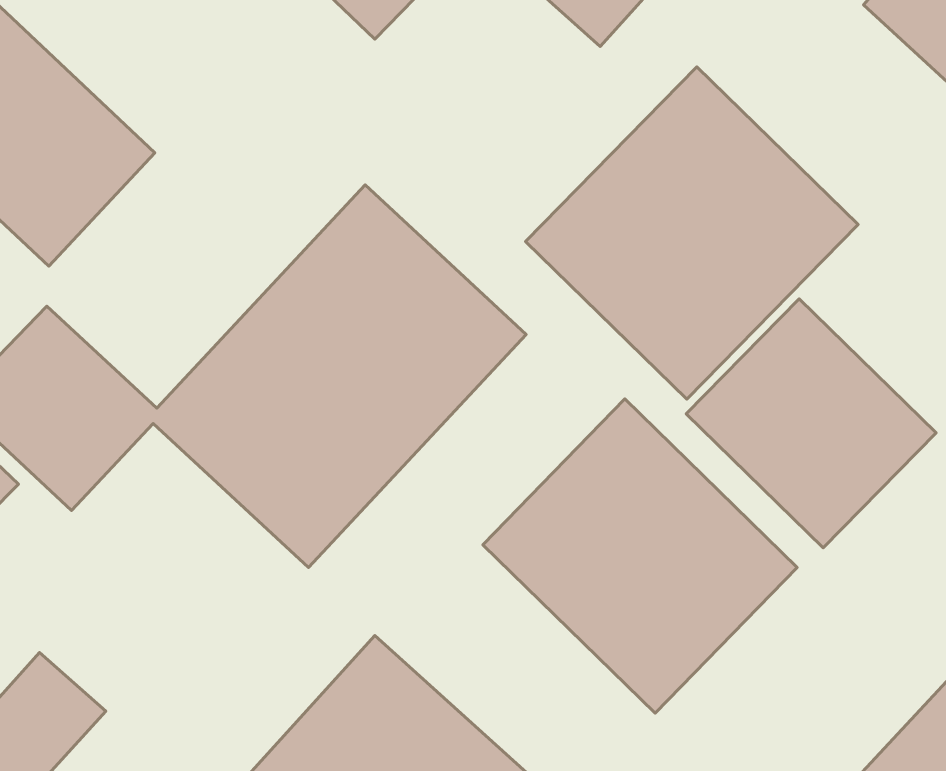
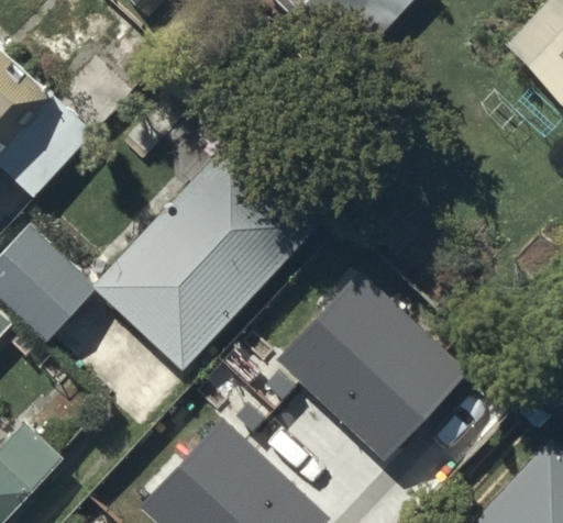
building: [525,67,858,399] -> none
building: [686,299,936,548] -> none

